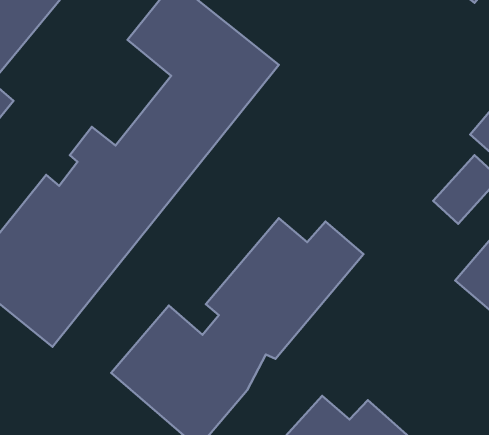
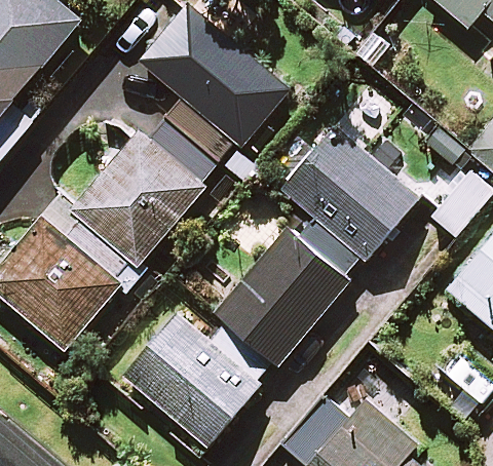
building: none -> [264,128,417,259]

